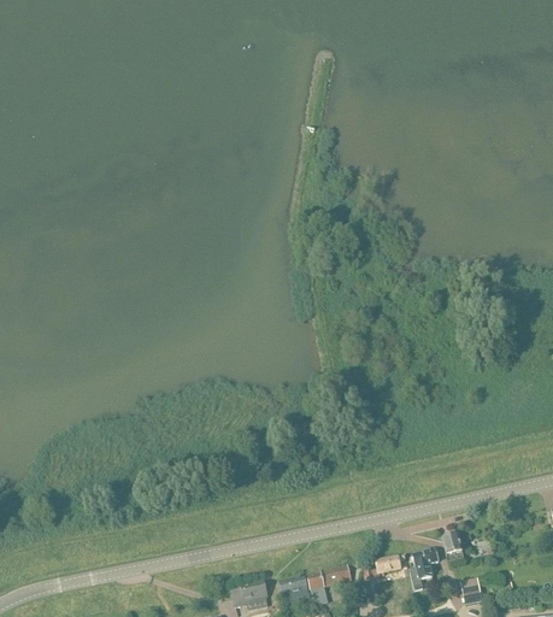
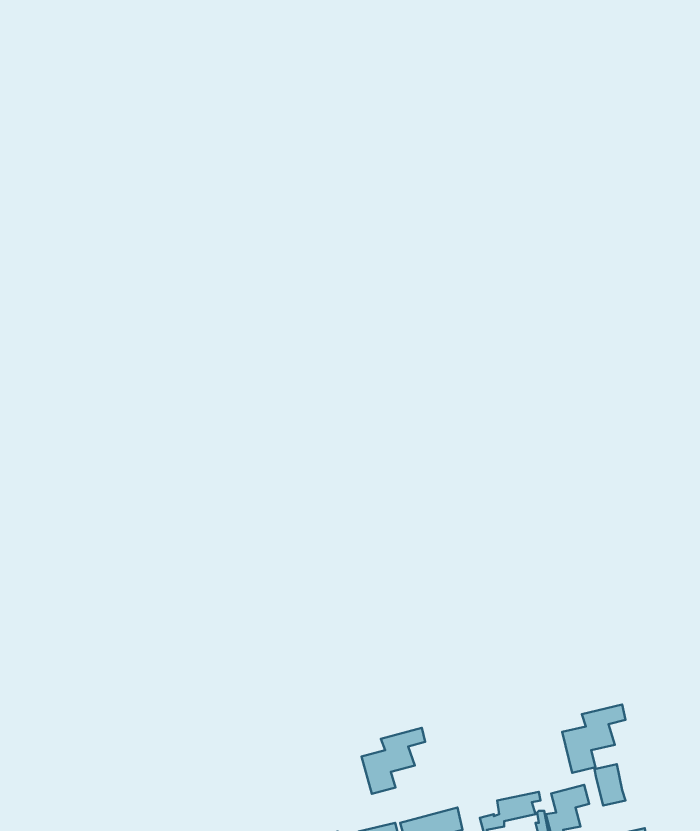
building: none -> [562,705,626,773]
building: none -> [361,728,425,794]

